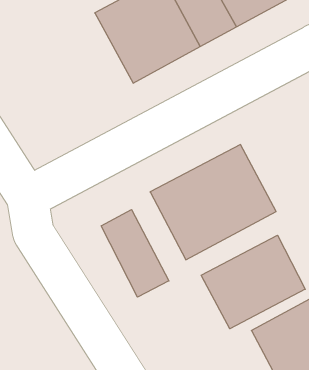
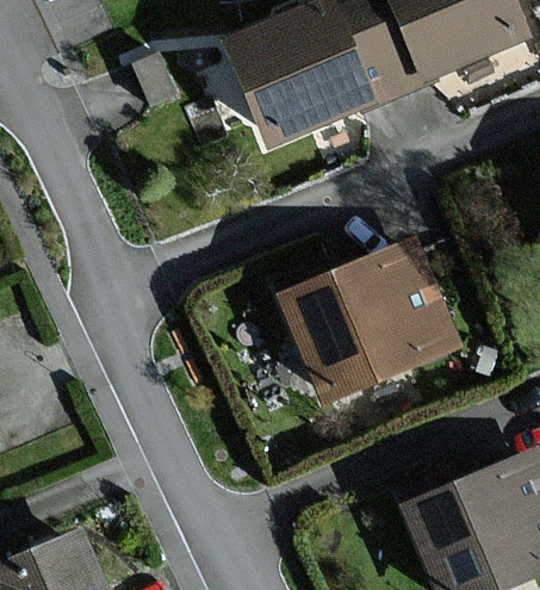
building: [101,210,169,297] -> none
building: [201,235,305,329] -> none

